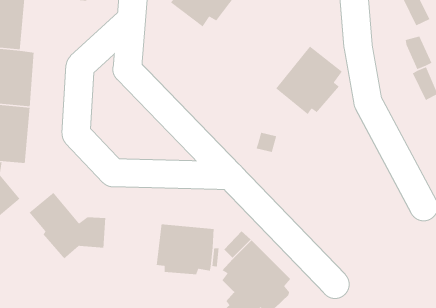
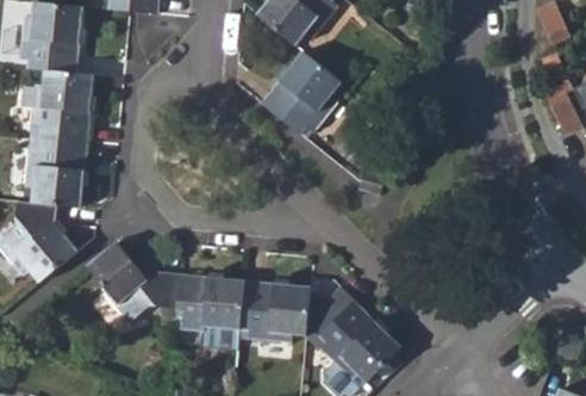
building: [275,46,343,115] -> [260,50,341,134]
building: none -> [175,272,244,330]

